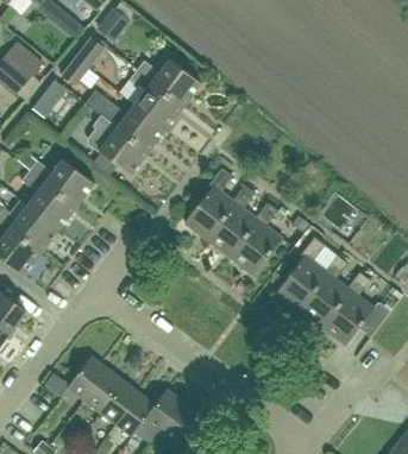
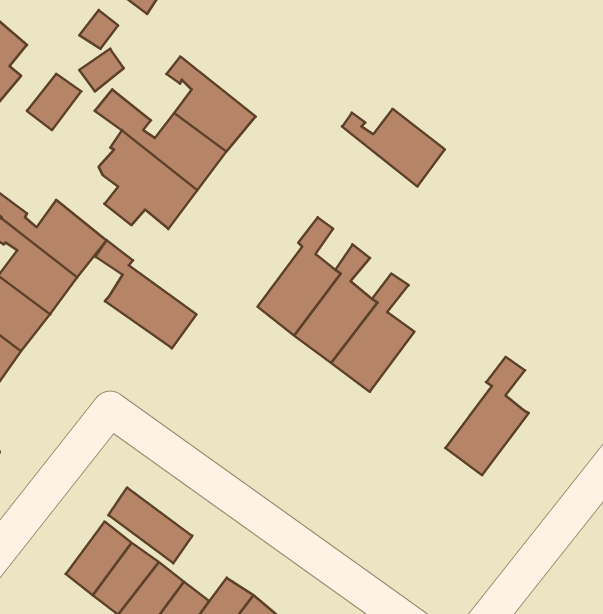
building: [137,59,200,107] -> [342,109,445,186]
building: none -> [95,240,196,348]
building: [276,238,328,310] -> none
building: [322,272,389,345] -> none
building: none -> [108,488,192,563]

